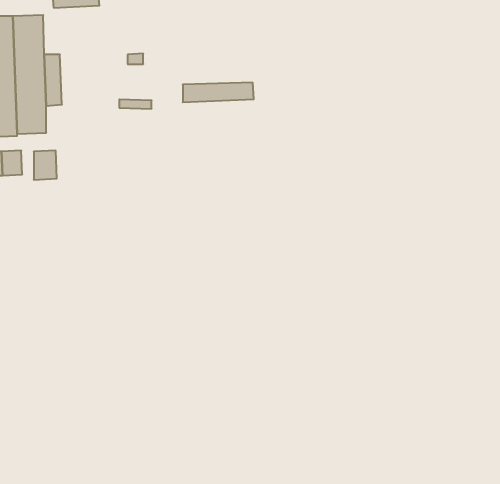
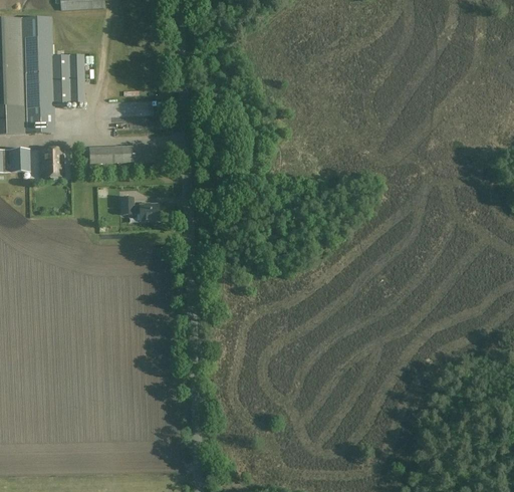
building: none -> [64,53,81,102]
building: [183,83,254,102] -> [86,145,155,164]
building: none -> [120,197,157,220]

